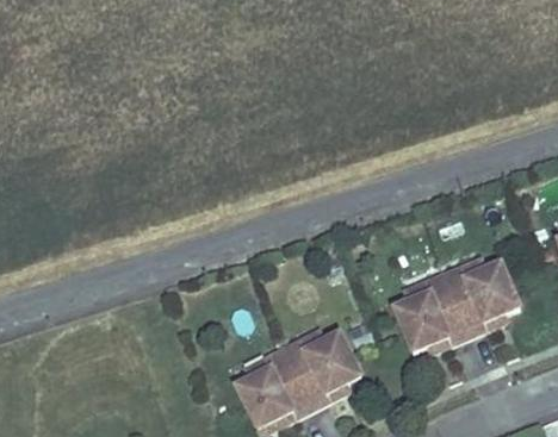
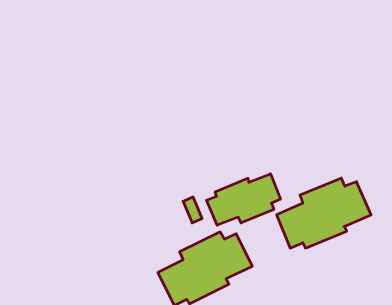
building: none -> [207,174,280,225]

